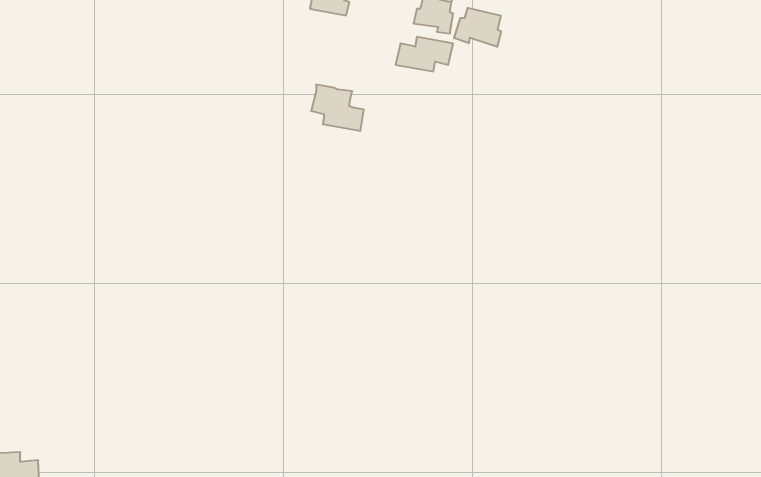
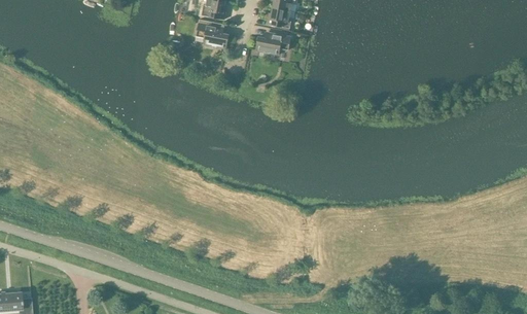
building: [454,8,501,47] -> none
building: [311,85,364,131] -> [197,19,230,47]

